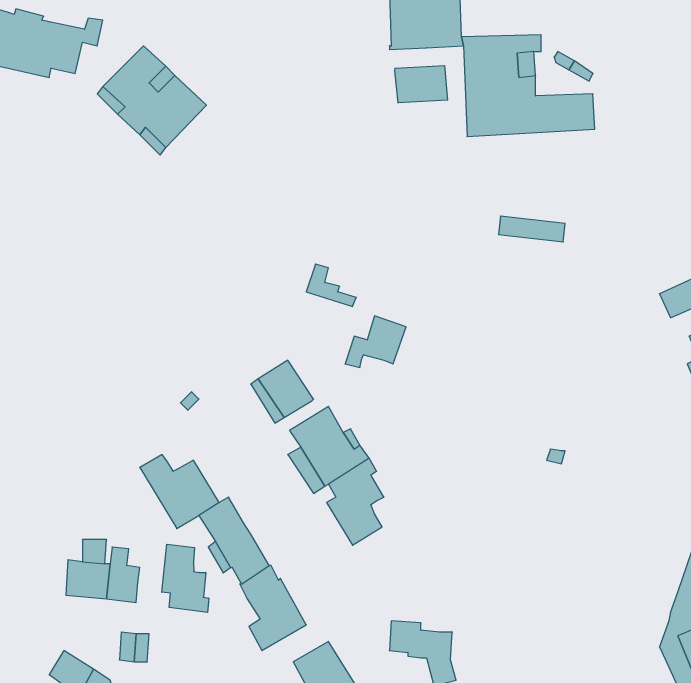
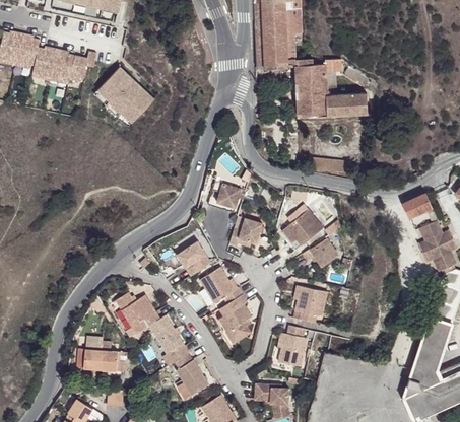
building: [395,66,448,103] -> none
building: none -> [214,179,243,206]
building: none -> [283,208,324,249]
building: none -> [304,236,340,266]
building: none -> [297,284,329,321]
building: none -> [281,324,310,364]
building: [162,544,209,612] -> none

